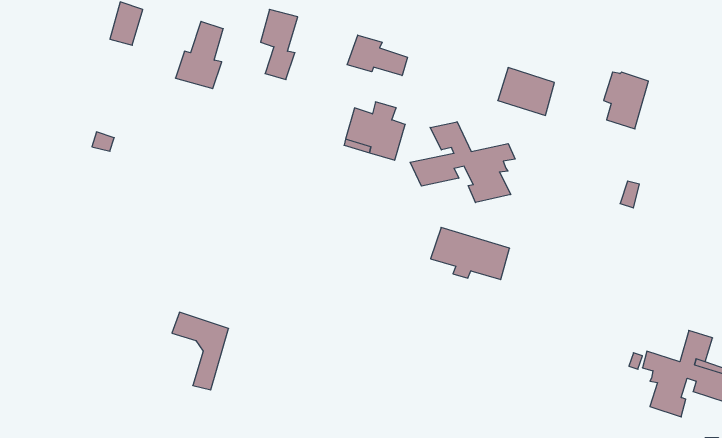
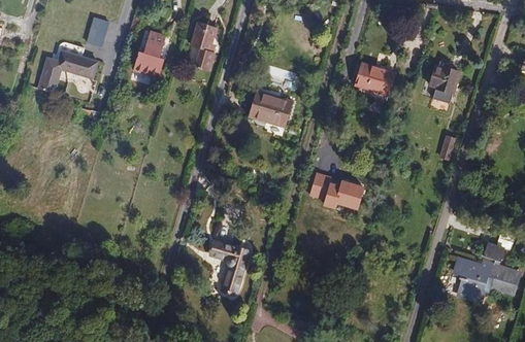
building: [347,35,407,76] -> none
building: none -> [38,42,97,92]
building: [410,122,515,203] -> none
building: [172,312,229,390] -> [209,240,249,294]

